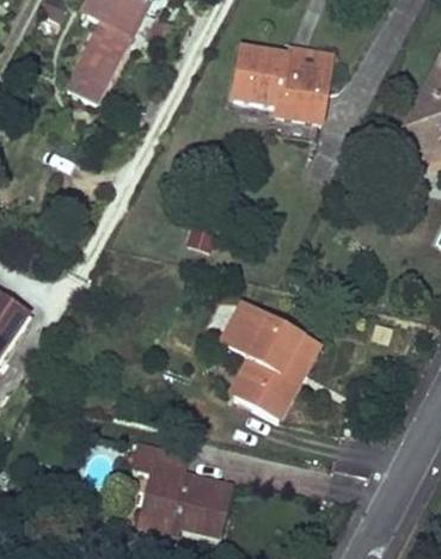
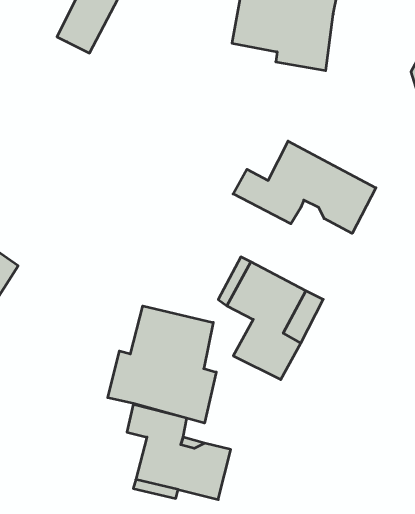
building: none -> [233,141,376,233]
building: none -> [108,306,216,423]

